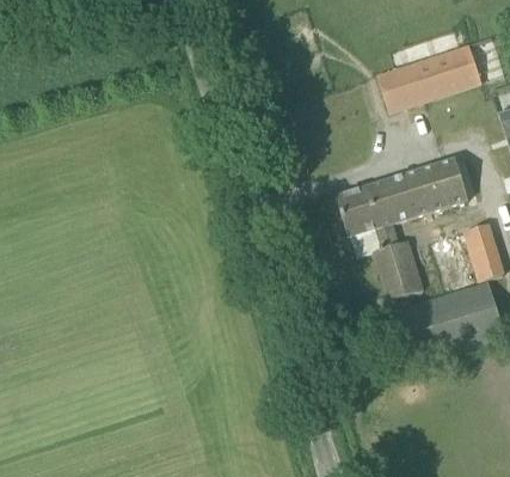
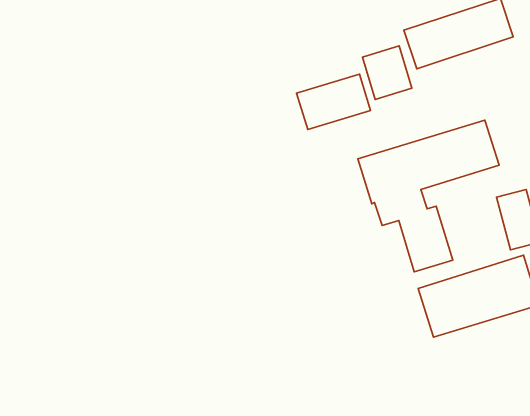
building: none -> [362,46,412,100]
building: none -> [297,74,371,129]

